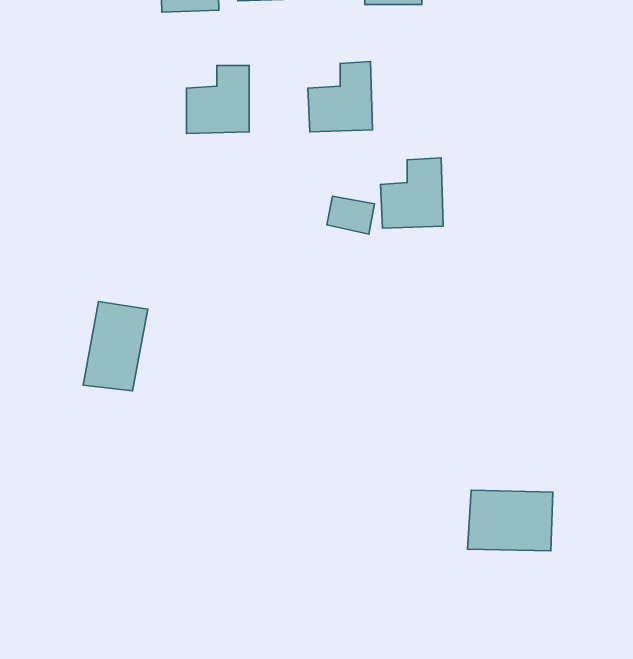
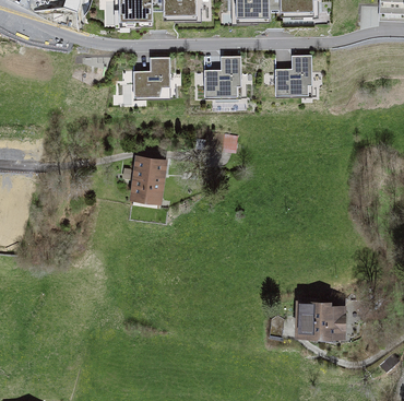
building: [381,158,443,228] -> [275,55,311,95]
building: [83,302,148,391] -> [130,155,167,207]

